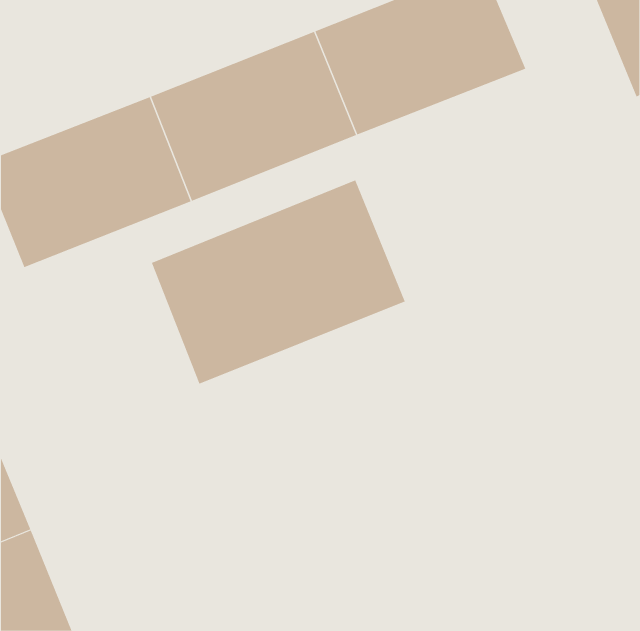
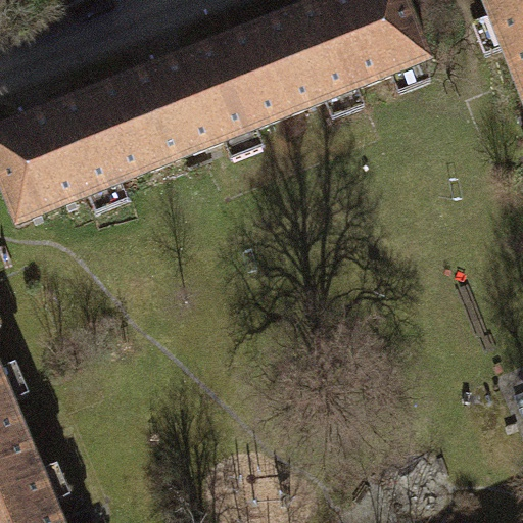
building: [151,180,406,385] -> none

